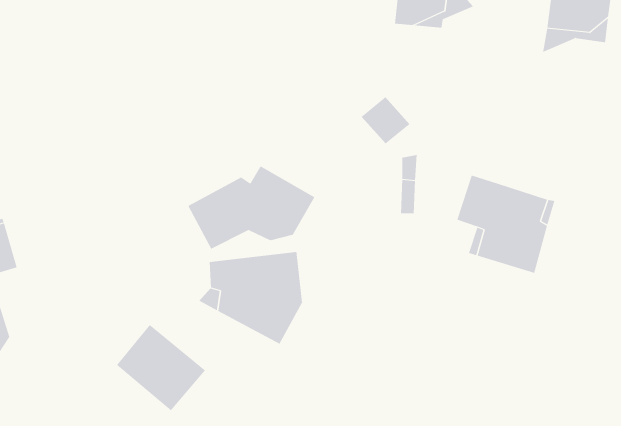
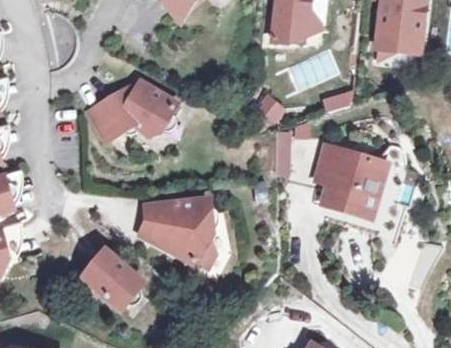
building: [188,165,315,250] -> [89,82,177,140]

